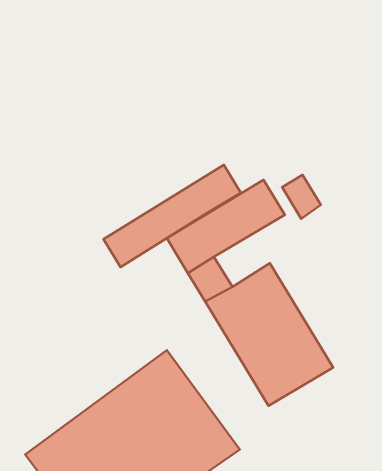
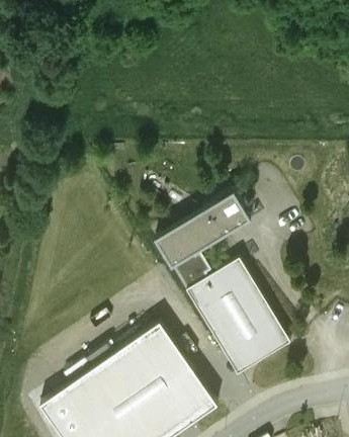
building: [104,165,241,267] -> none
building: [282,175,321,219] -> none

